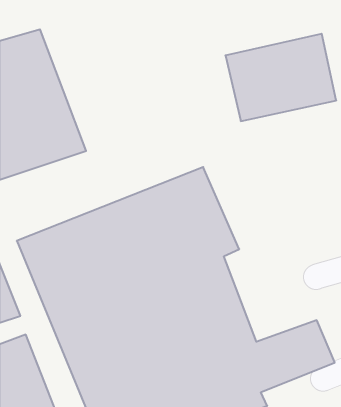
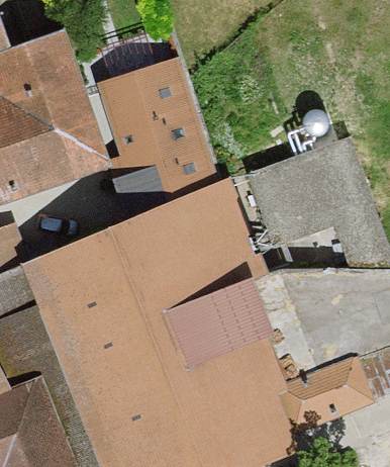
building: [225,34,336,121] -> [254,133,378,231]
building: none -> [93,67,206,199]

